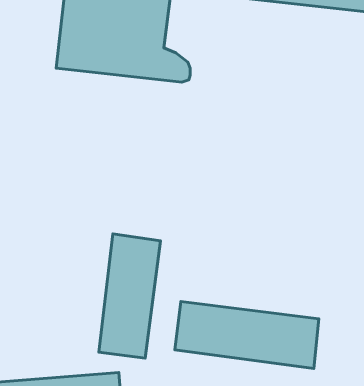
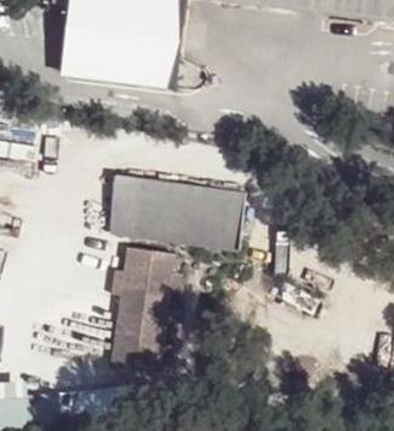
building: none -> [106,176,243,247]
building: [175,301,319,369] -> none

